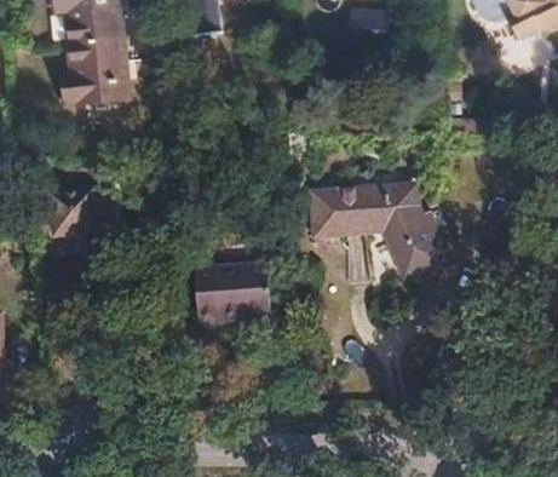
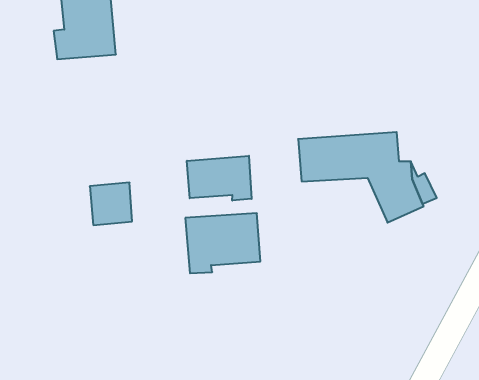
building: [48,191,92,235] -> [90,183,132,225]
building: none -> [187,156,252,201]

